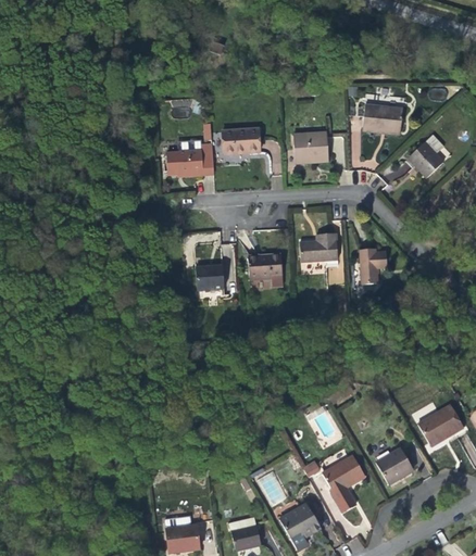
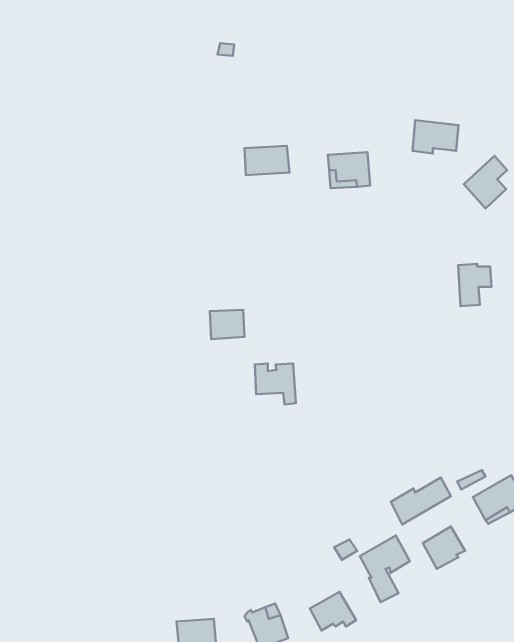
building: [167,138,216,172] -> none
building: [301,231,339,270] -> none
building: [362,249,390,285] -> [458,264,491,306]
building: [249,251,284,286] -> [255,363,296,404]
building: none -> [391,478,451,524]

